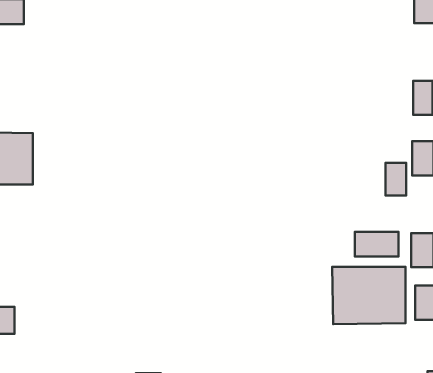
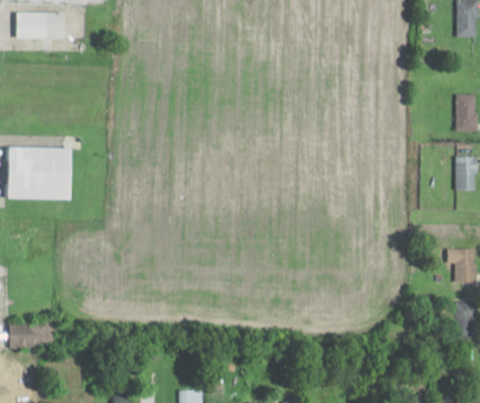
building: [385,163,406,195] -> none
building: [355,232,398,256] -> none
building: [332,267,405,324] -> none

